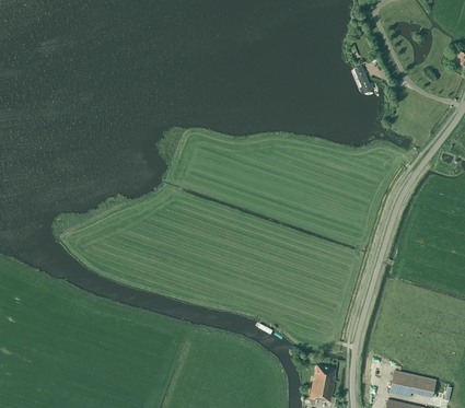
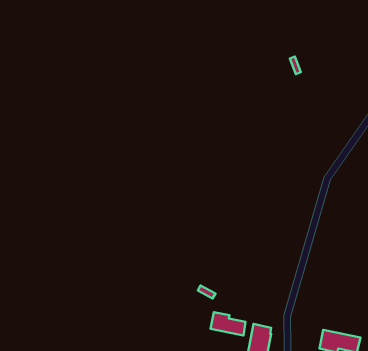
building: none -> [210,312,245,335]

